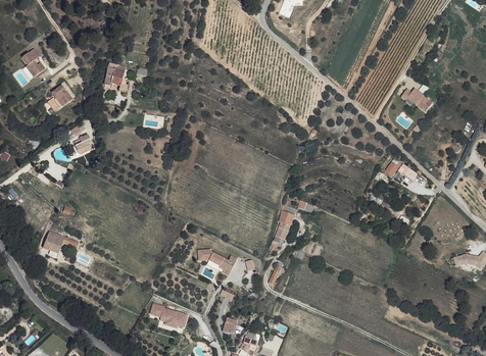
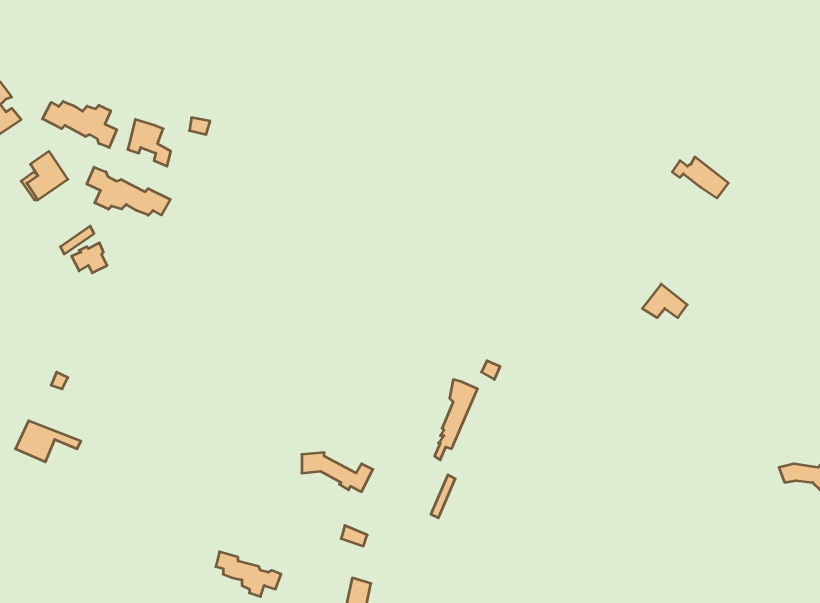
building: none -> [42,101,117,148]
building: none -> [87,167,170,215]

